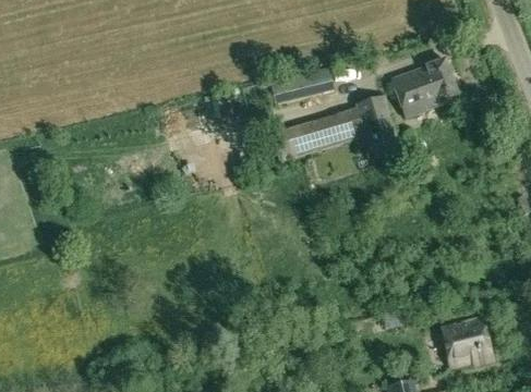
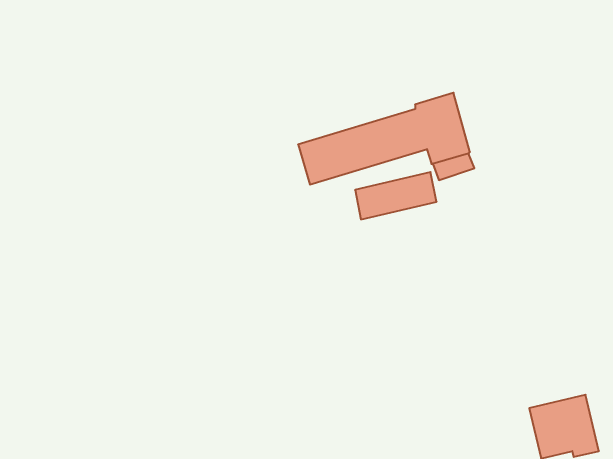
building: [391,58,460,117] -> none
building: [270,69,330,103] -> [355,172,437,219]

